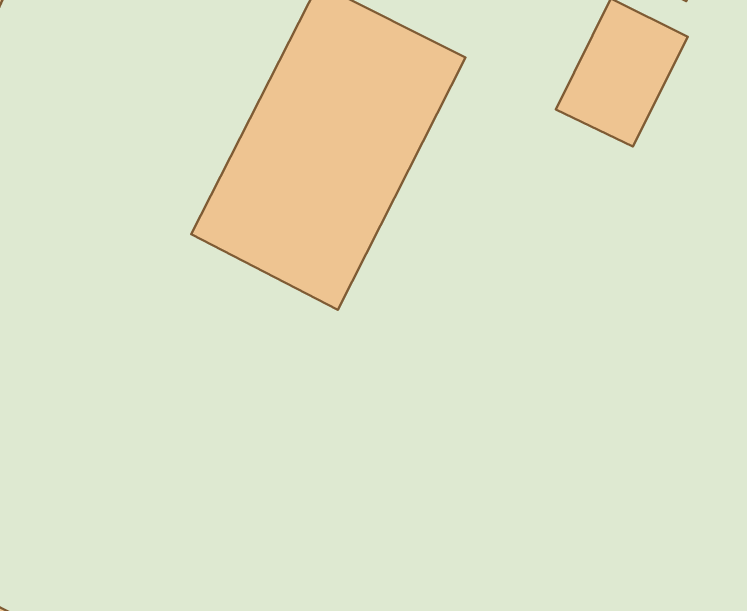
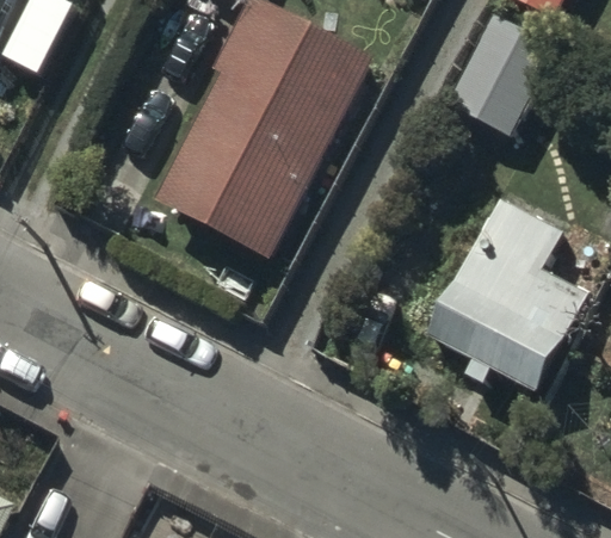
building: none -> [426,194,587,392]

